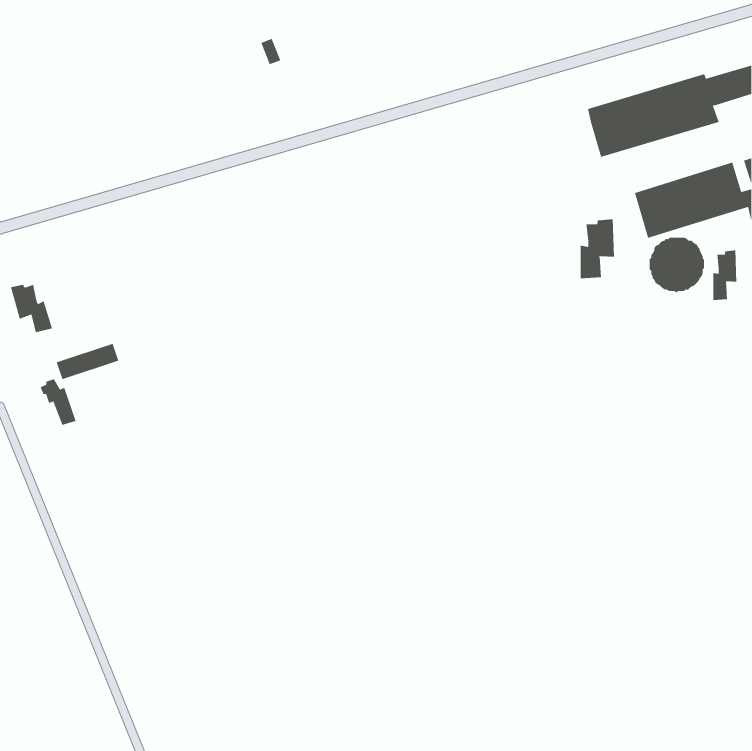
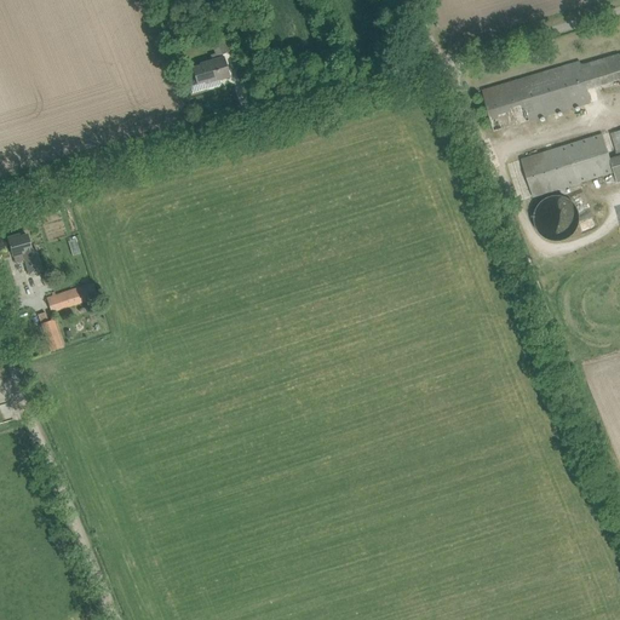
building: none -> [189,56,230,92]
building: [580,218,615,279] -> none
building: [713,250,737,301] -> none

